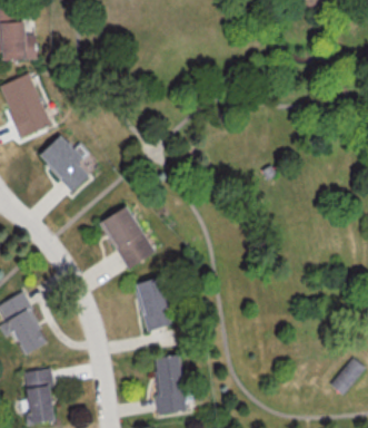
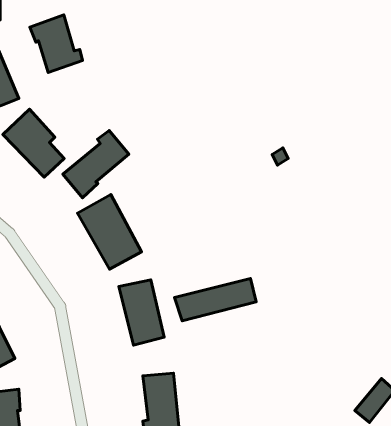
building: none -> [30,15,82,73]
building: none -> [63,130,129,198]
building: none -> [175,278,256,321]

